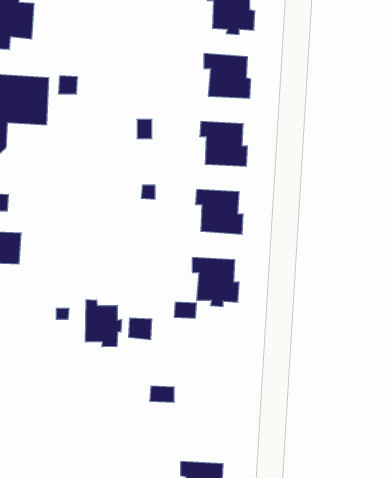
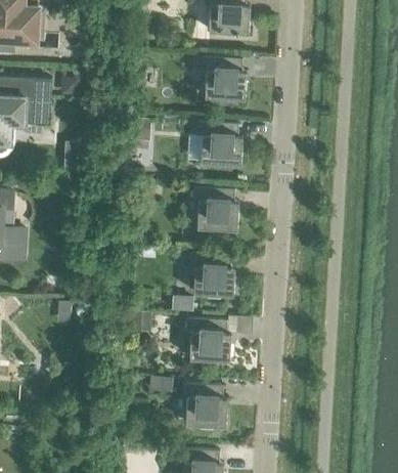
building: [85,300,121,347] -> none
building: none -> [185,318,230,361]
building: none -> [181,384,227,430]

